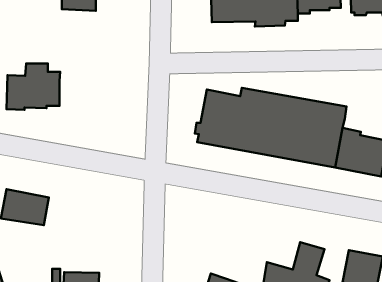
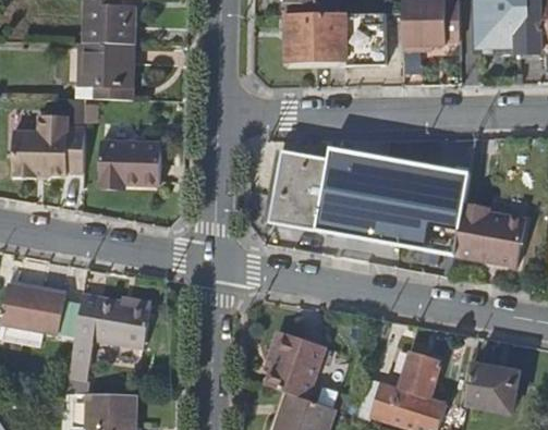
building: none -> [80,41,132,98]
building: none -> [96,140,157,184]
building: none -> [71,293,151,381]
building: none -> [265,334,325,403]

